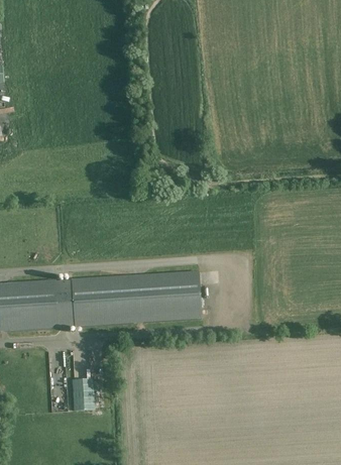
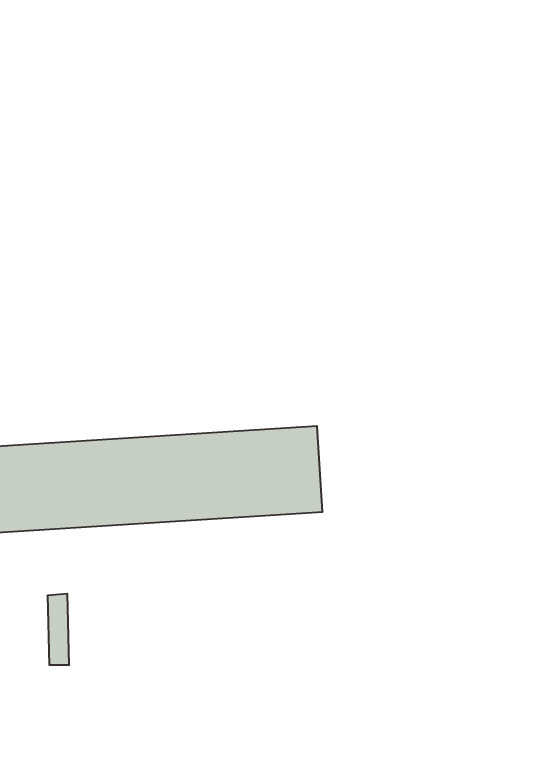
building: [74,379,92,409] -> none

